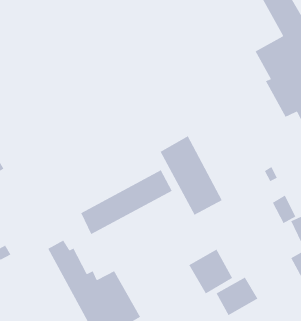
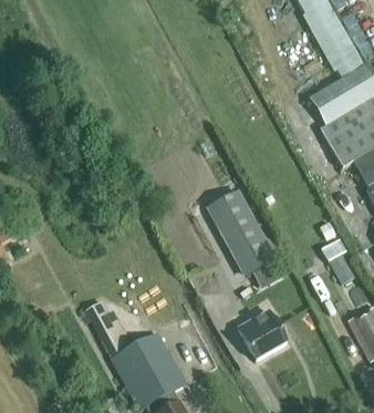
building: [80,169,173,235] -> none
building: [216,277,258,316] -> none

